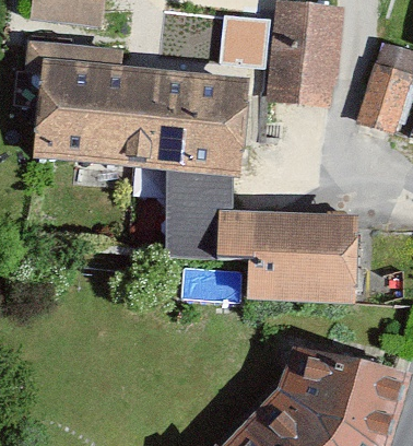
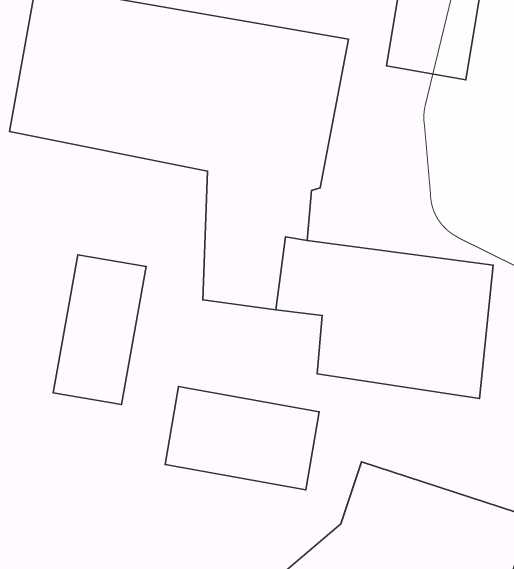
building: none -> [53,255,146,405]
building: none -> [165,387,319,490]

